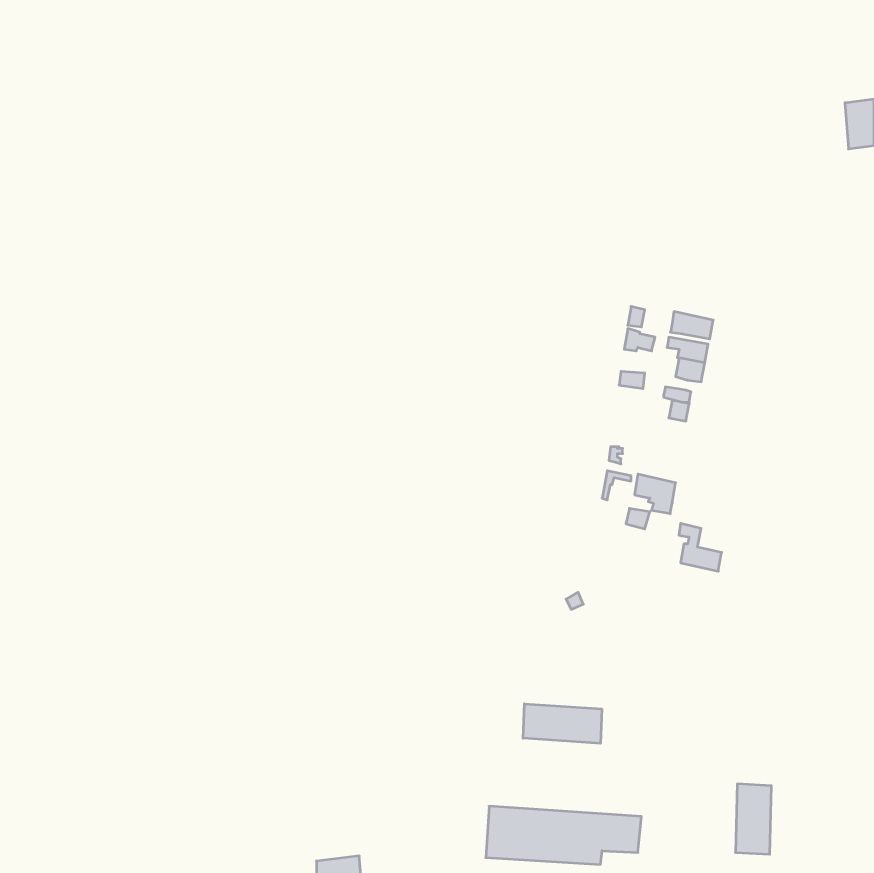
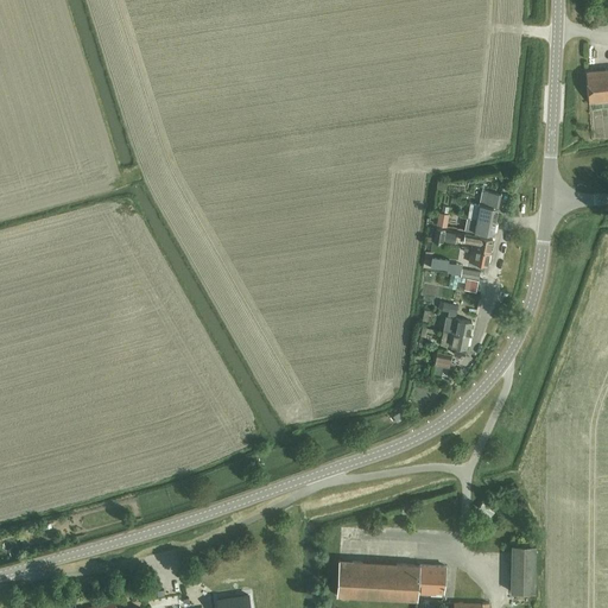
building: none -> [468,192,500,223]
building: [679,523,722,571] -> [442,303,471,336]
building: [523,704,602,743] -> none

